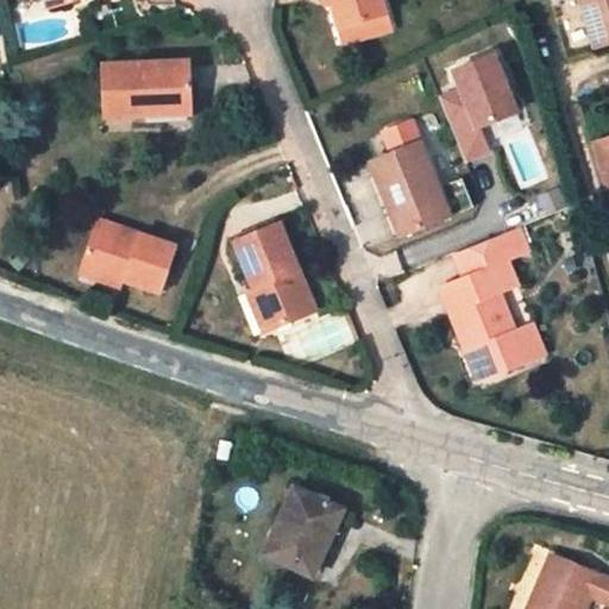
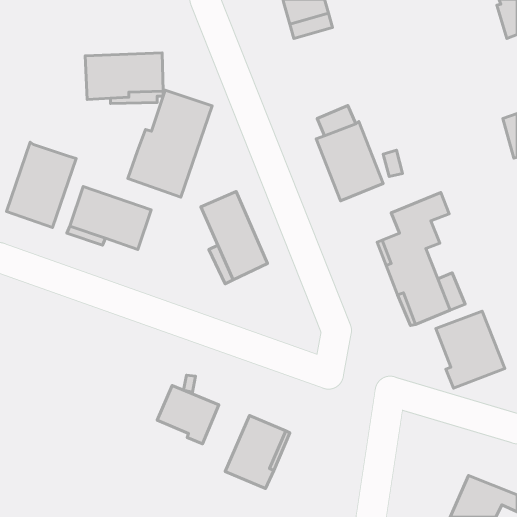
building: [440,45,523,159] -> none
building: none -> [128,90,212,197]
building: none -> [6,142,76,228]
building: none -> [436,311,505,388]
building: none -> [157,386,219,444]

